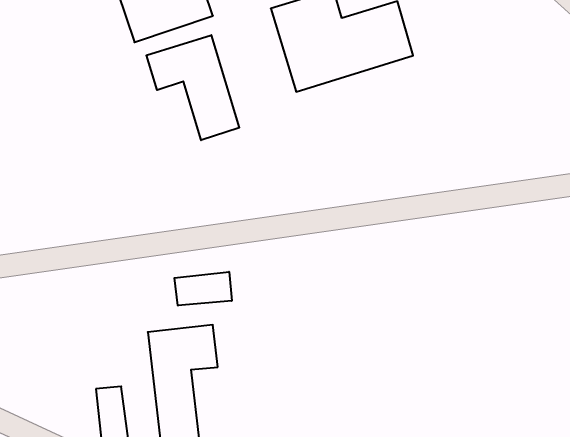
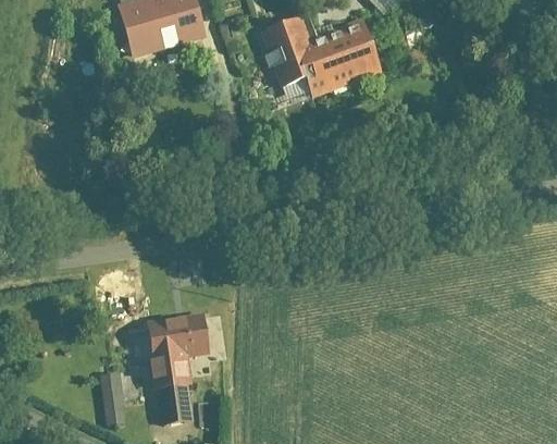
building: [146,35,239,140] -> none
building: [174,272,232,306] -> none

